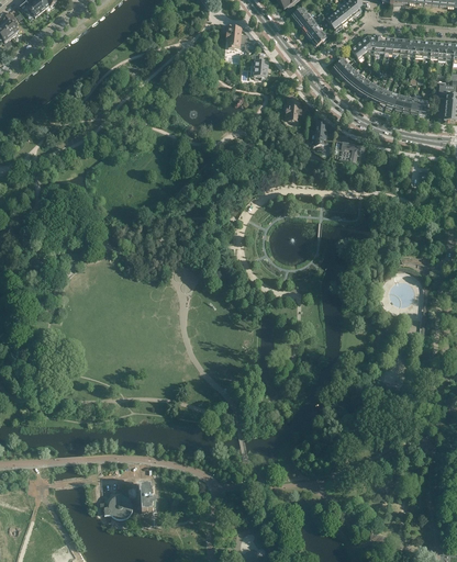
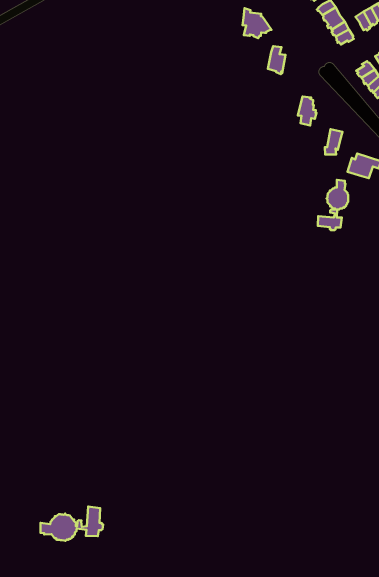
building: none -> [318,180,348,230]

